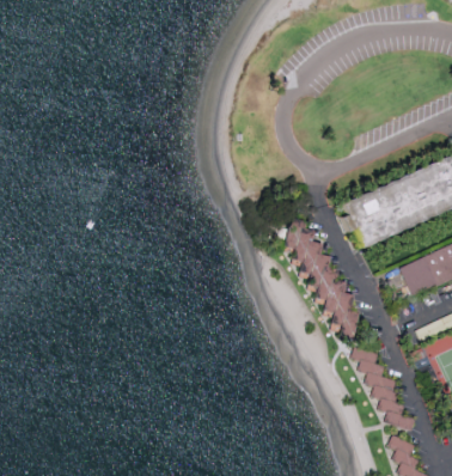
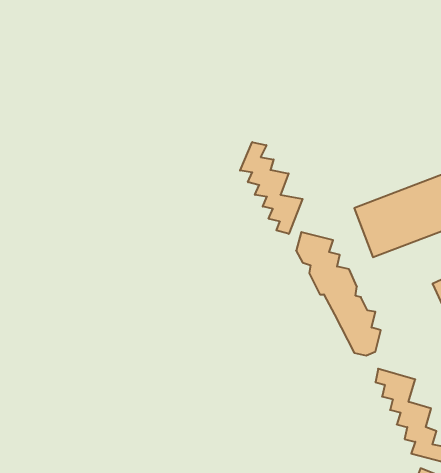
building: none -> [240,142,303,234]

